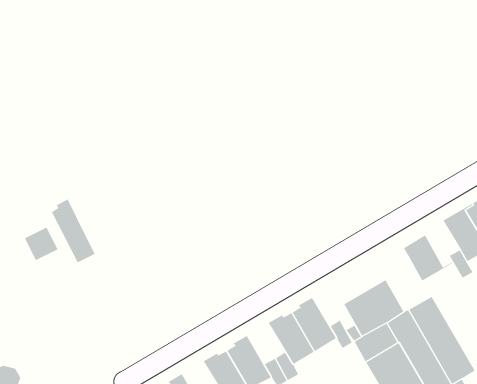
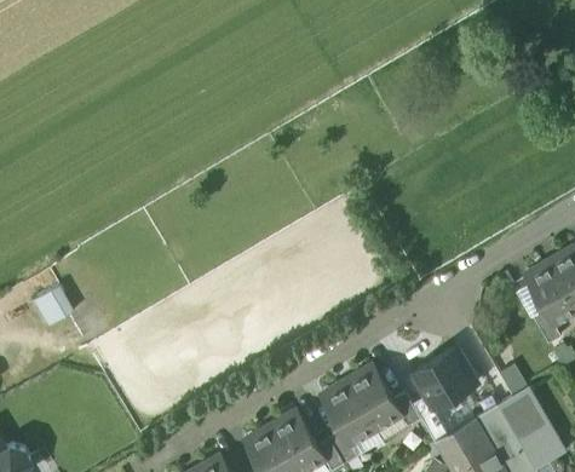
building: [51,199,95,263] -> none
building: [403,234,453,281] -> none

